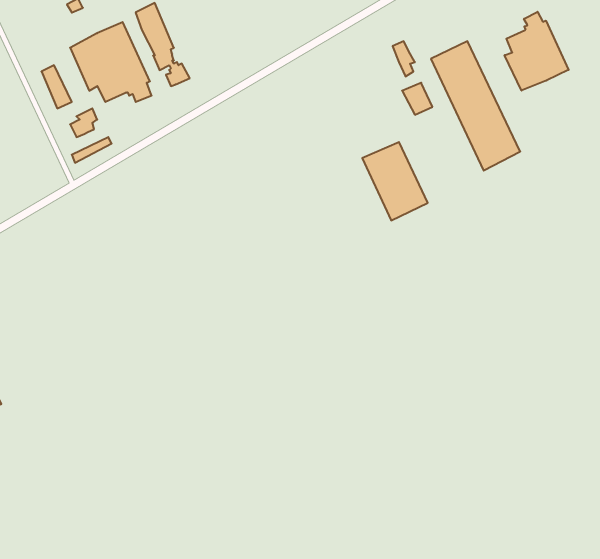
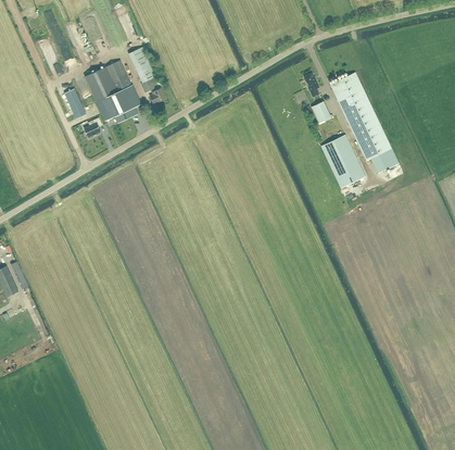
building: [505,12,569,91] -> none
building: [362,142,428,220] -> [320,135,365,188]

